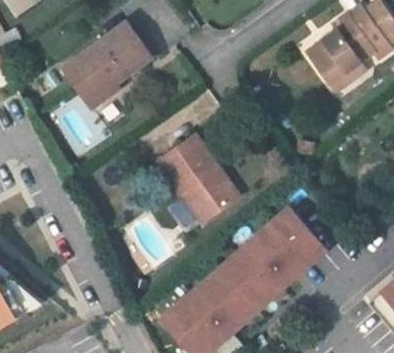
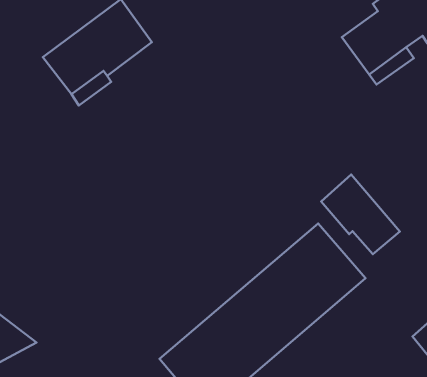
building: [158,136,235,223] -> none
building: none -> [321,175,400,254]

